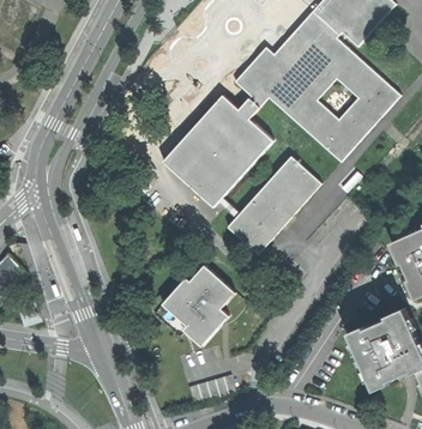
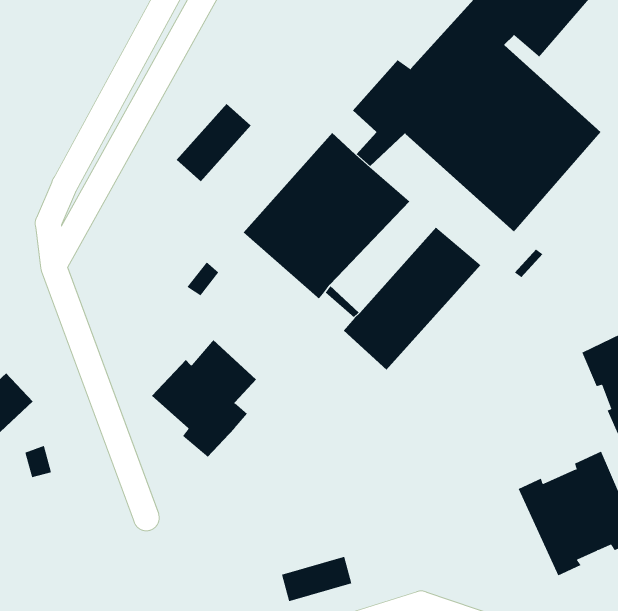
building: none -> [176,103,251,182]
building: [163,266,233,344] -> [151,339,257,458]

